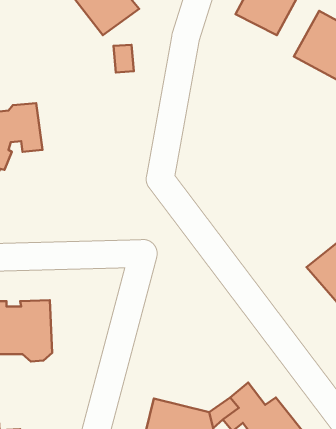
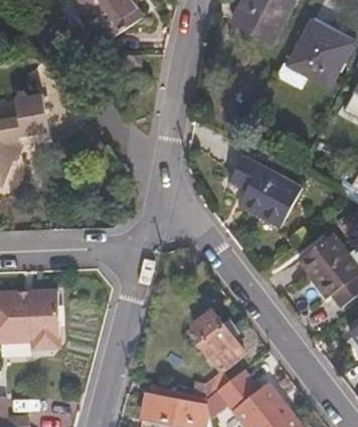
building: none -> [229,154,296,224]
building: none -> [194,310,245,370]

